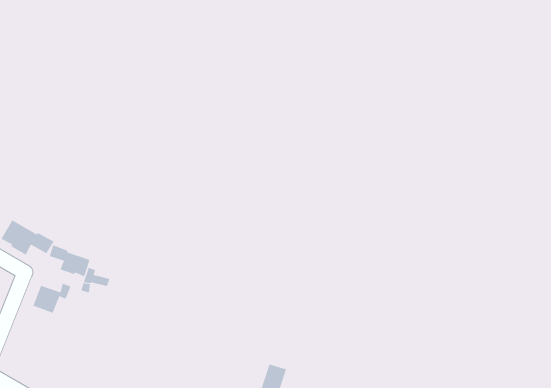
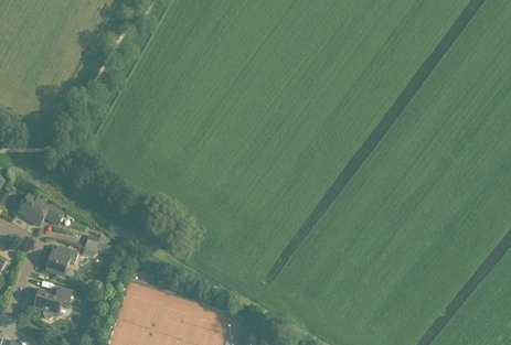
building: [49,245,90,277] -> none
building: none -> [32,287,71,319]

